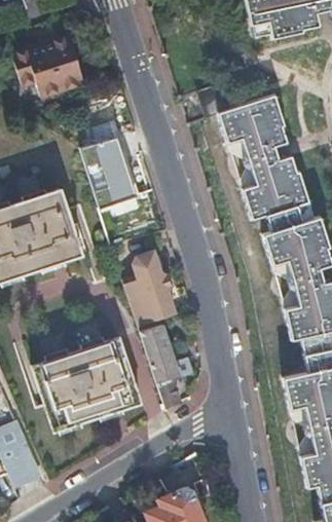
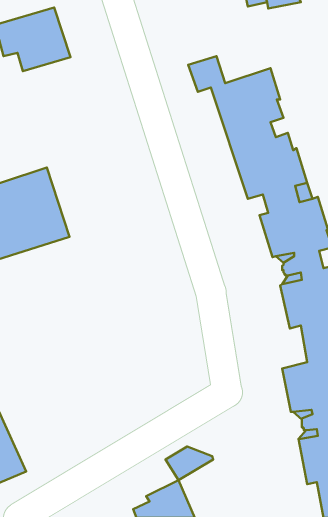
building: [81,137,128,209] -> none
building: [124,251,177,327] -> none
building: [142,325,187,412] -> none
building: [34,336,143,432] -> none

